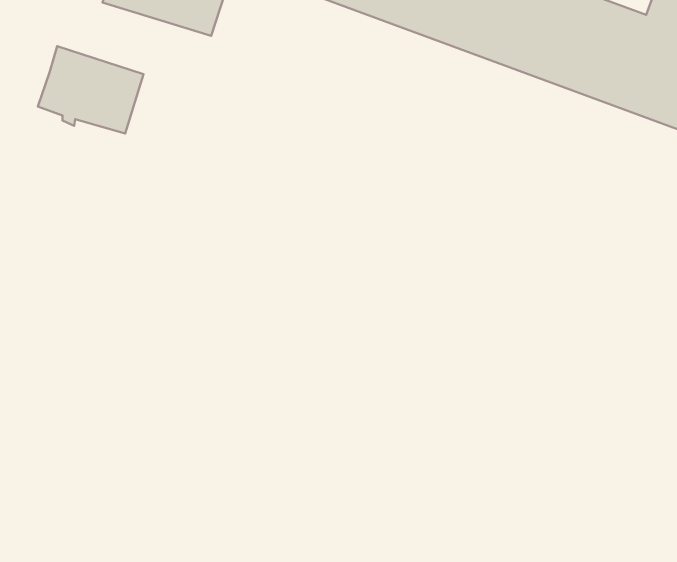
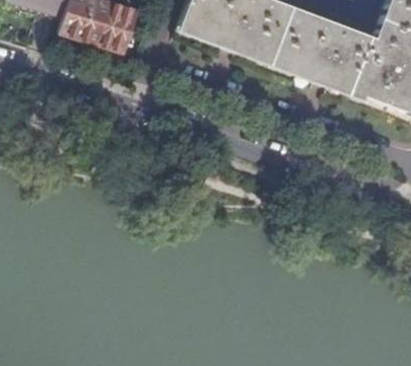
building: [38,46,143,134] -> none

